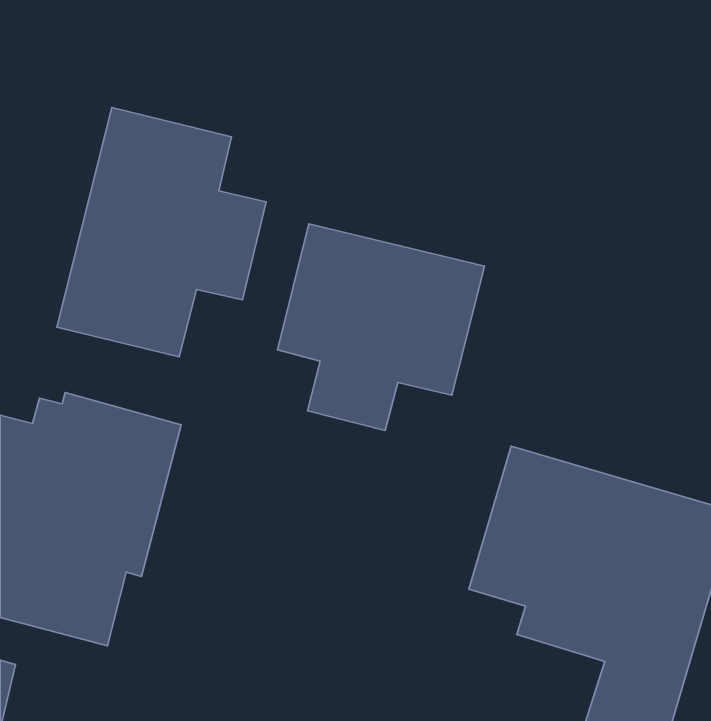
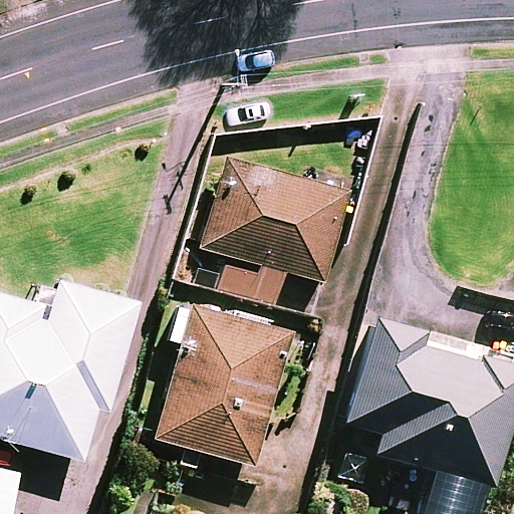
building: [57,107,266,357] -> none
building: none -> [153,301,292,471]

